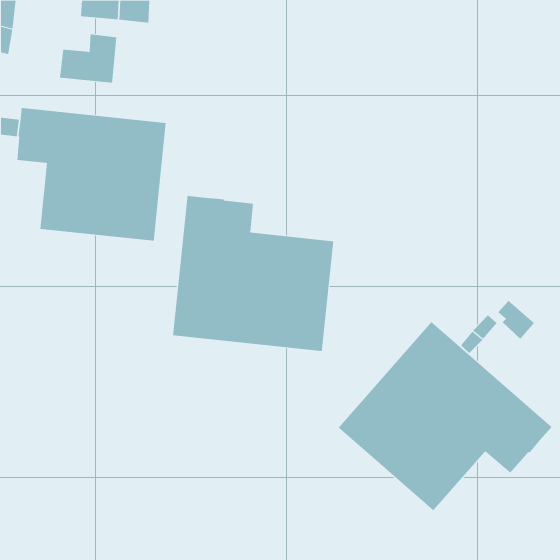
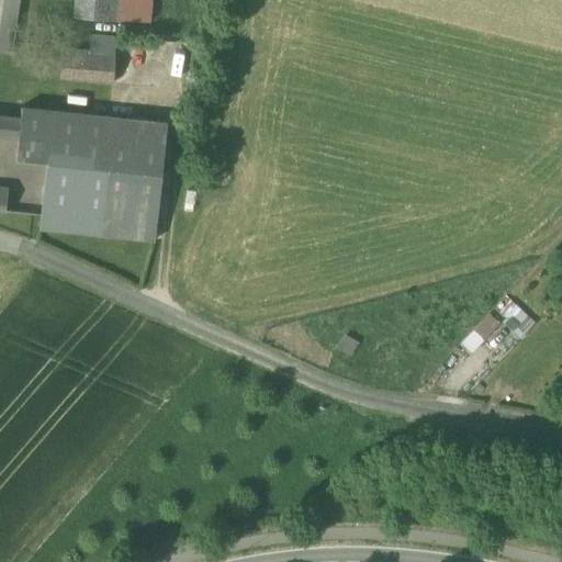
building: [172,195,334,352] -> none
building: [338,321,552,511] -> none

